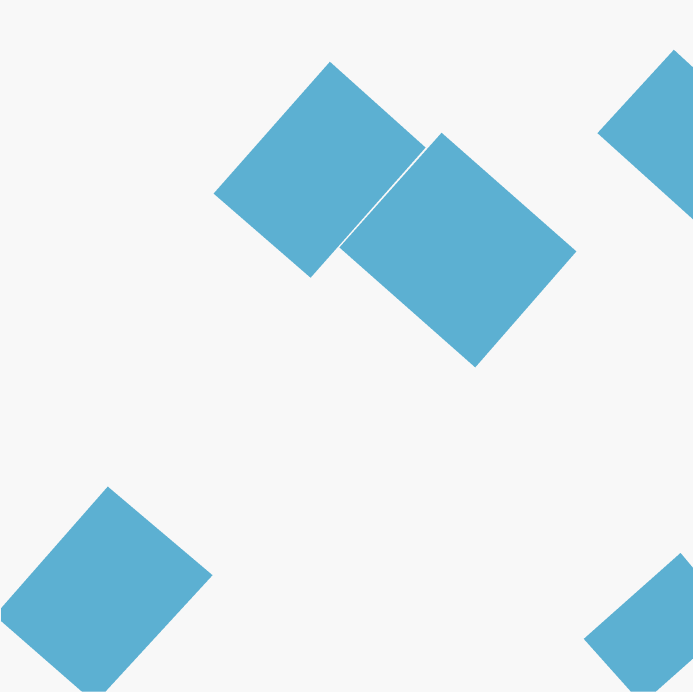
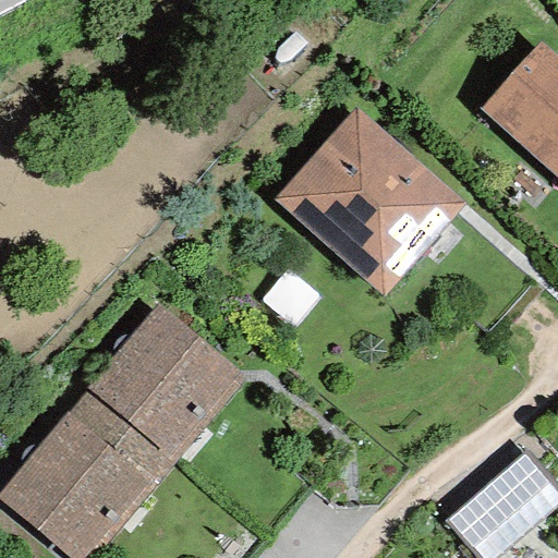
building: [213,61,427,279] -> none
building: none -> [84,302,244,461]

